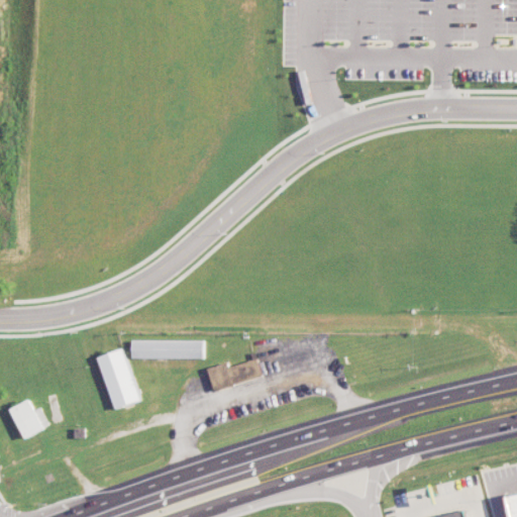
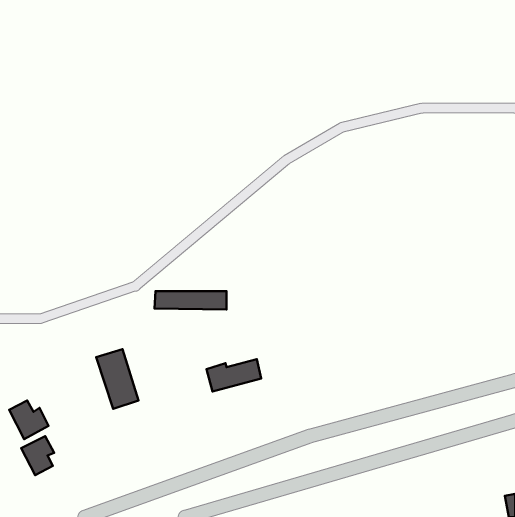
building: [130,340,202,358] -> [155,291,226,309]
building: none -> [21,436,54,475]

